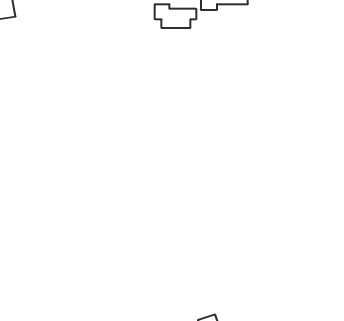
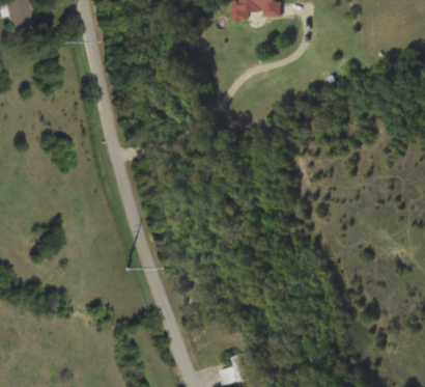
building: [155,4,196,28] -> none

